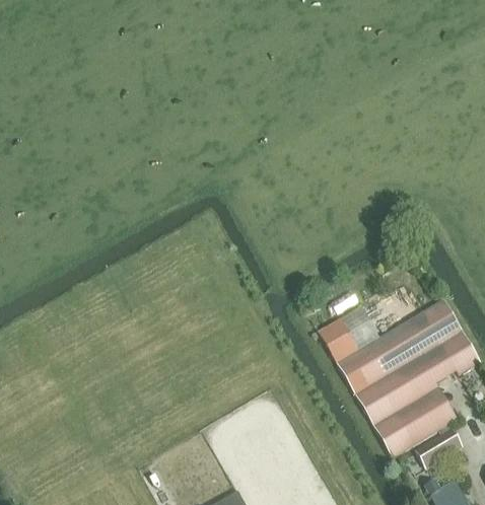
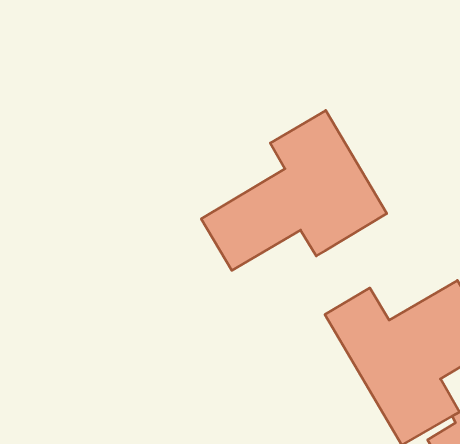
building: none -> [201,110,387,270]

